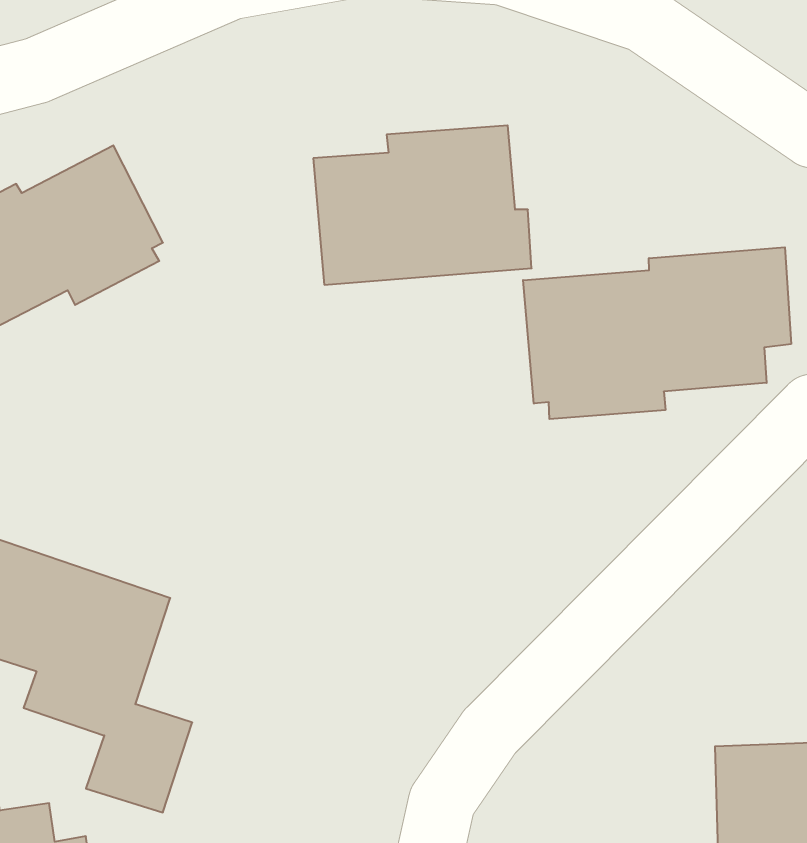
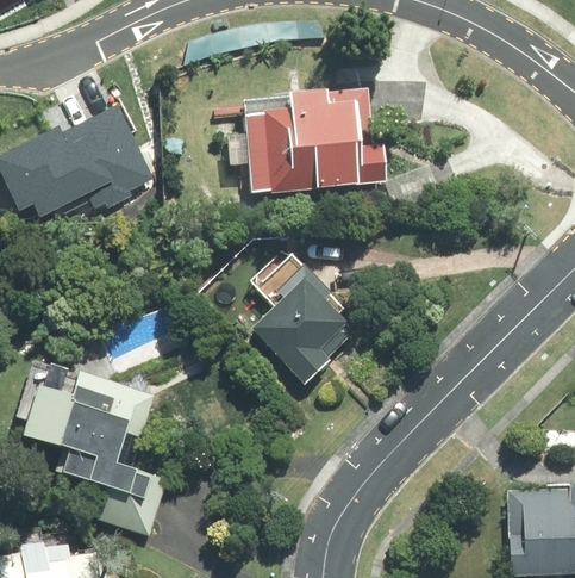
building: [523,247,791,419] -> none
building: none -> [251,253,358,383]

